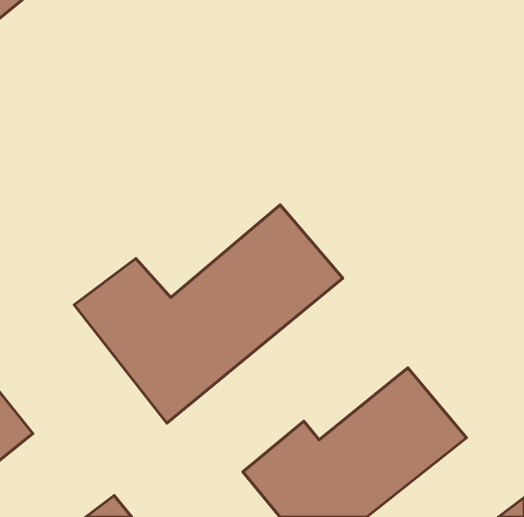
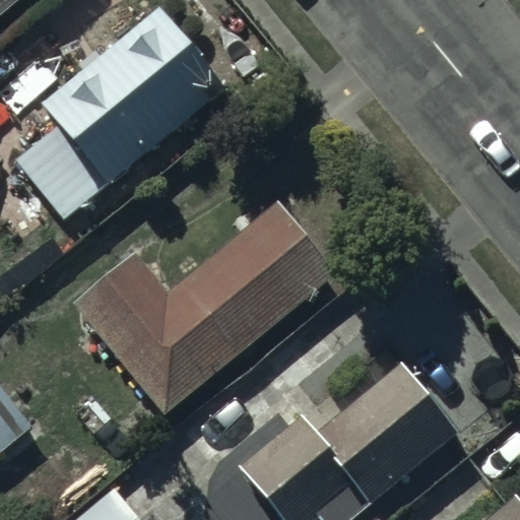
building: none -> [13,5,225,220]

